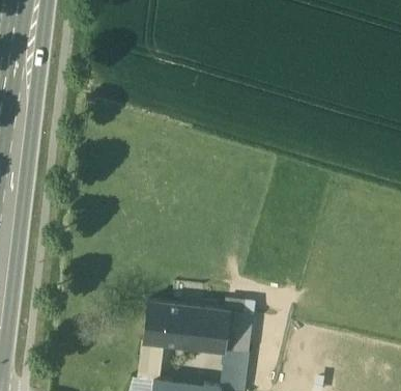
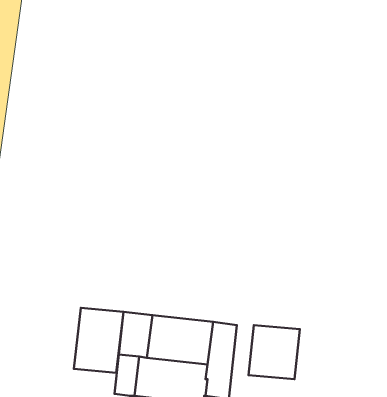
building: none -> [74,308,123,373]
building: none -> [248,325,300,379]

